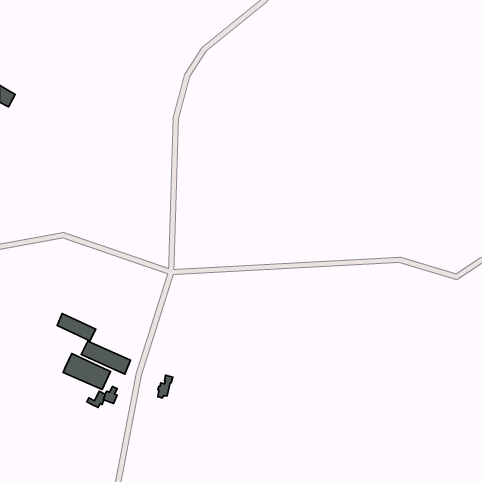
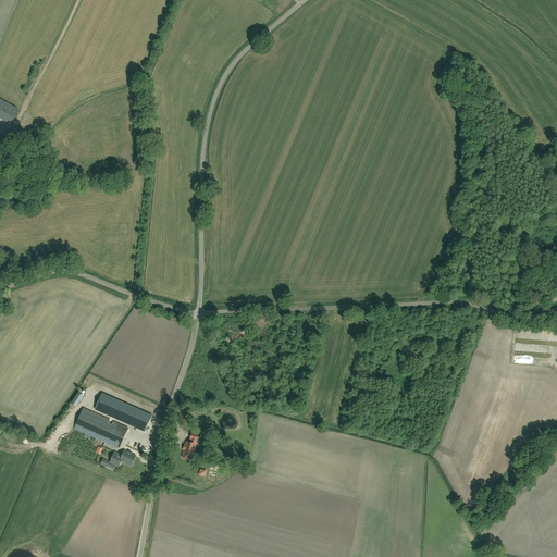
building: [57,314,96,341] -> none

